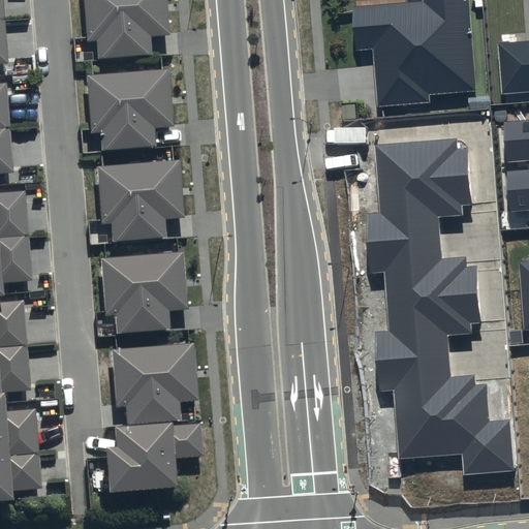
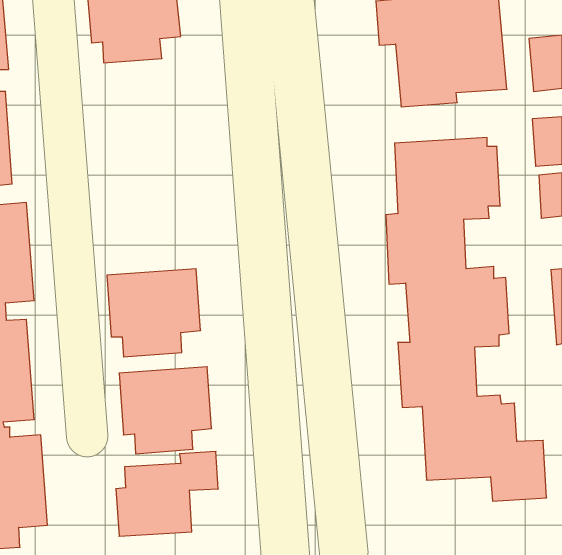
building: [86,69,175,151] -> none
building: [97,159,185,242] -> none

